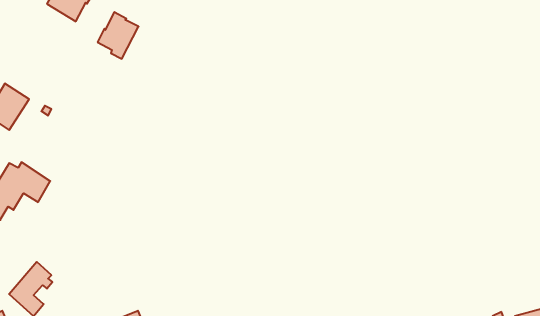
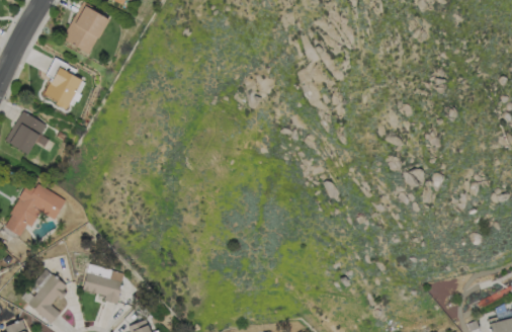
building: [98,12,139,59] -> [44,67,81,109]
building: none -> [82,273,121,304]

